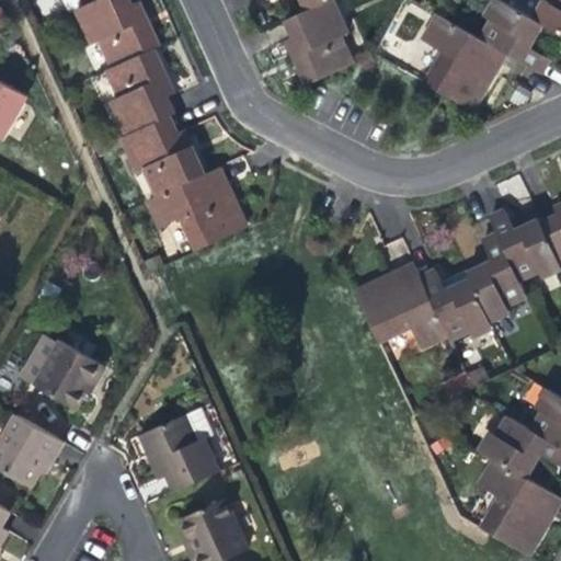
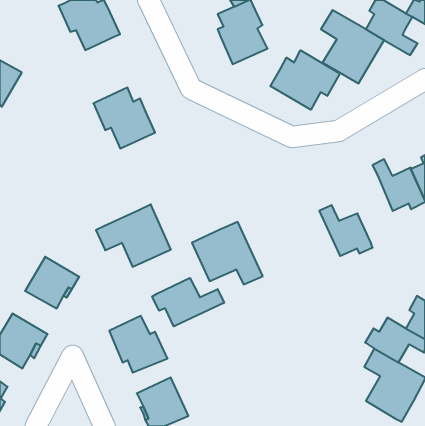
building: [107,47,173,134] -> none
building: none -> [270,50,340,110]
building: [147,167,245,249] -> [96,204,171,267]
building: [467,233,524,319] -> none
building: [353,263,446,345] -> [192,222,263,284]
building: none -> [152,278,224,326]

